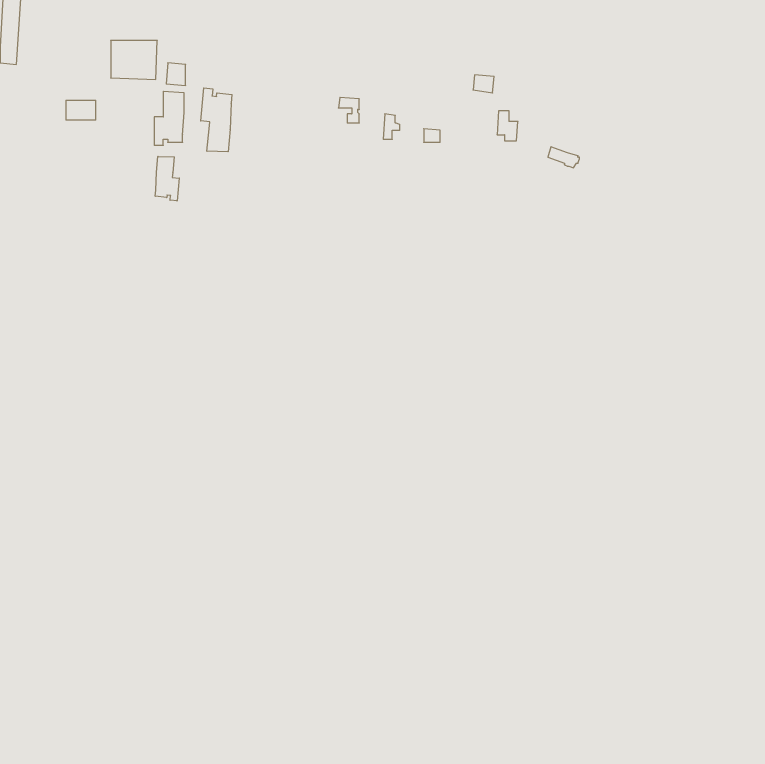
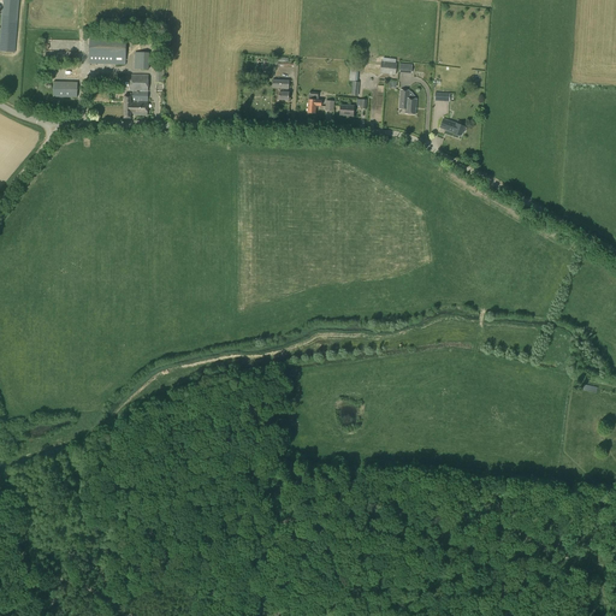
building: [201,88,232,152] -> none
building: [155,156,179,201] -> none

